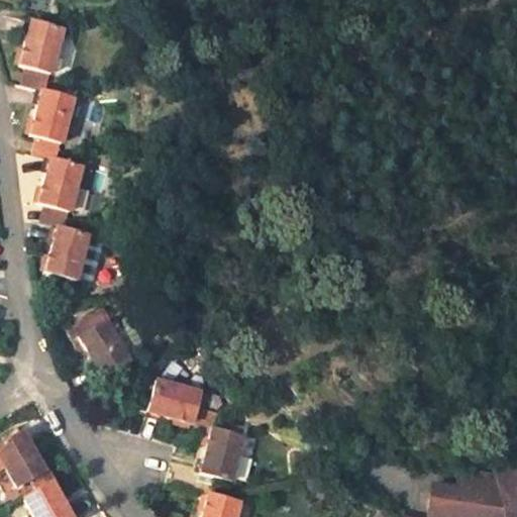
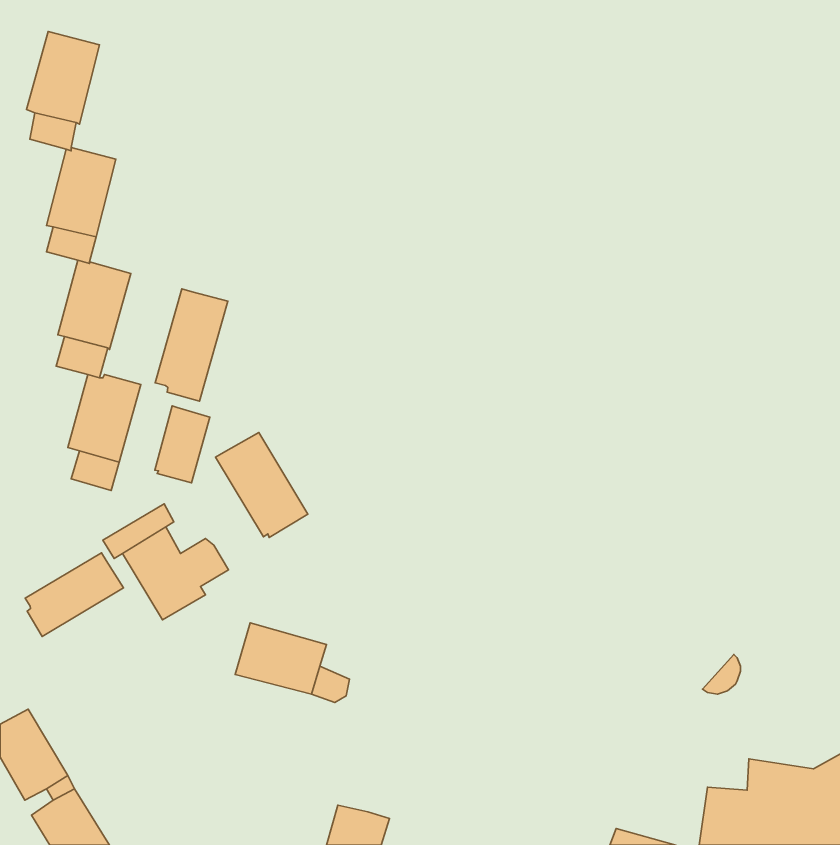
building: none -> [155,289,228,401]
building: none -> [155,406,210,483]
building: none -> [215,433,308,538]
building: none -> [25,553,123,637]
building: [201,429,244,481] -> none

